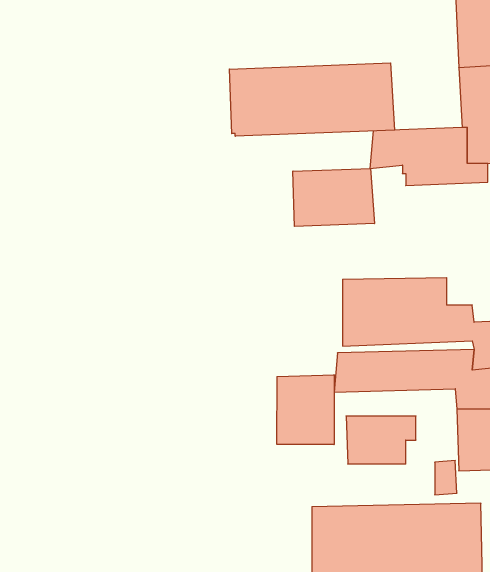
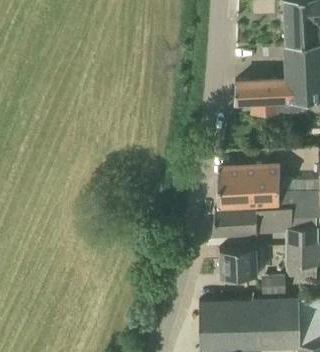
building: [229,63,395,136] -> none
building: [293,168,374,226] -> none
building: [277,375,334,445] -> none

